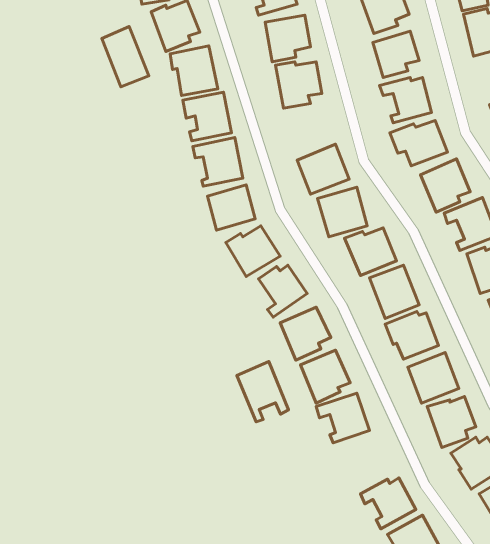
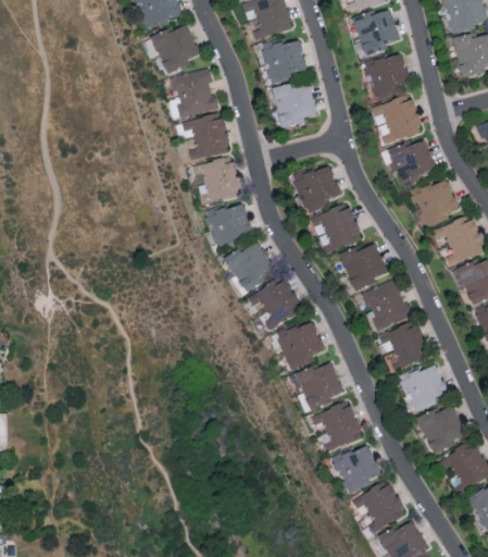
building: [102,26,149,87] -> none
building: [237,361,289,422] -> none
building: none -> [333,444,380,494]

